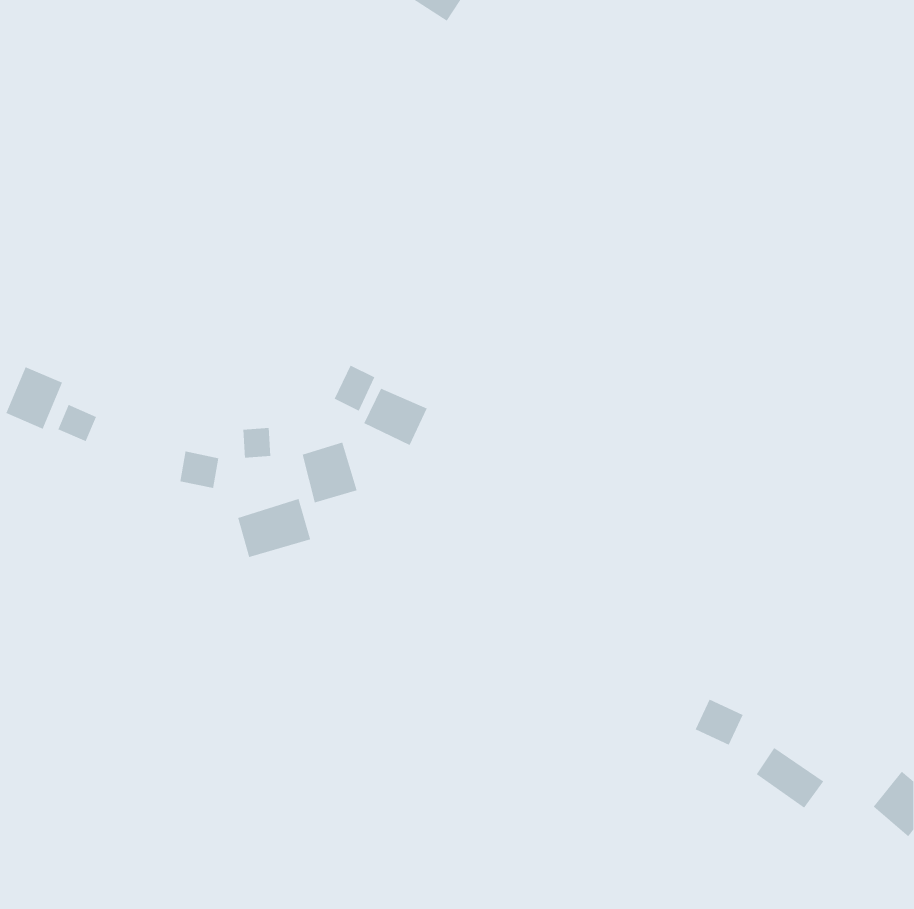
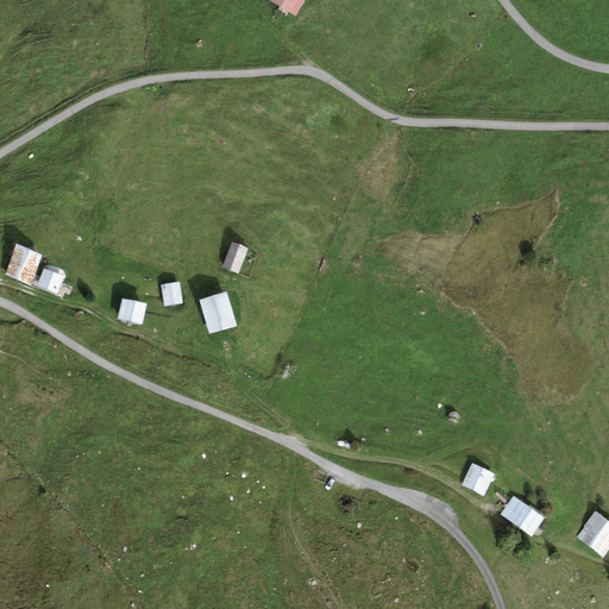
building: [363,388,428,446] -> none
building: [238,498,311,558] -> none

